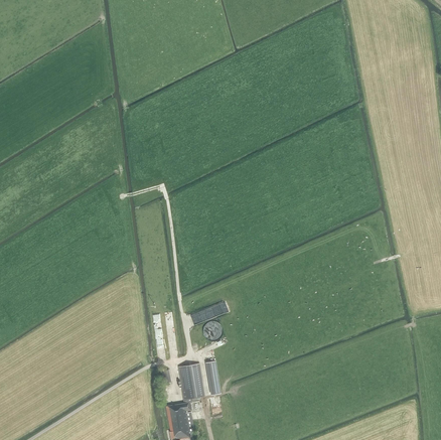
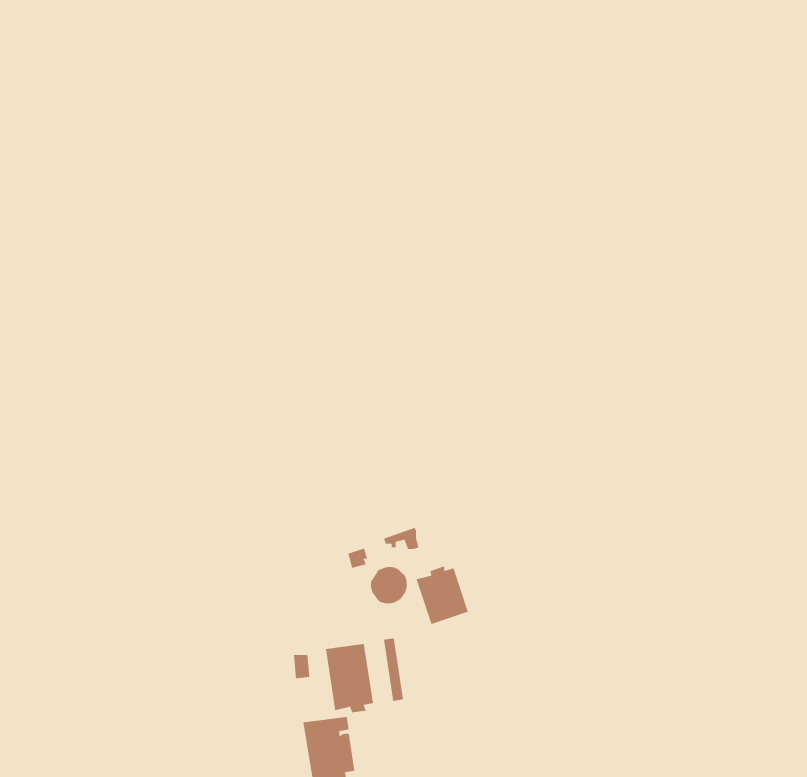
building: none -> [416,566,469,625]

